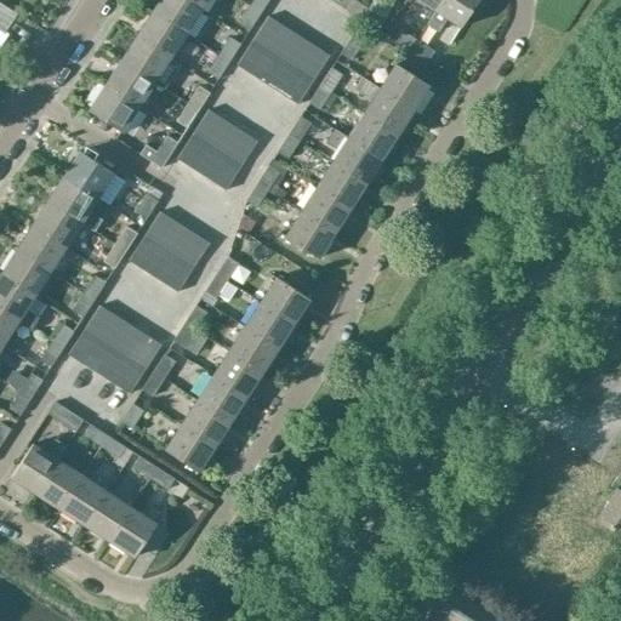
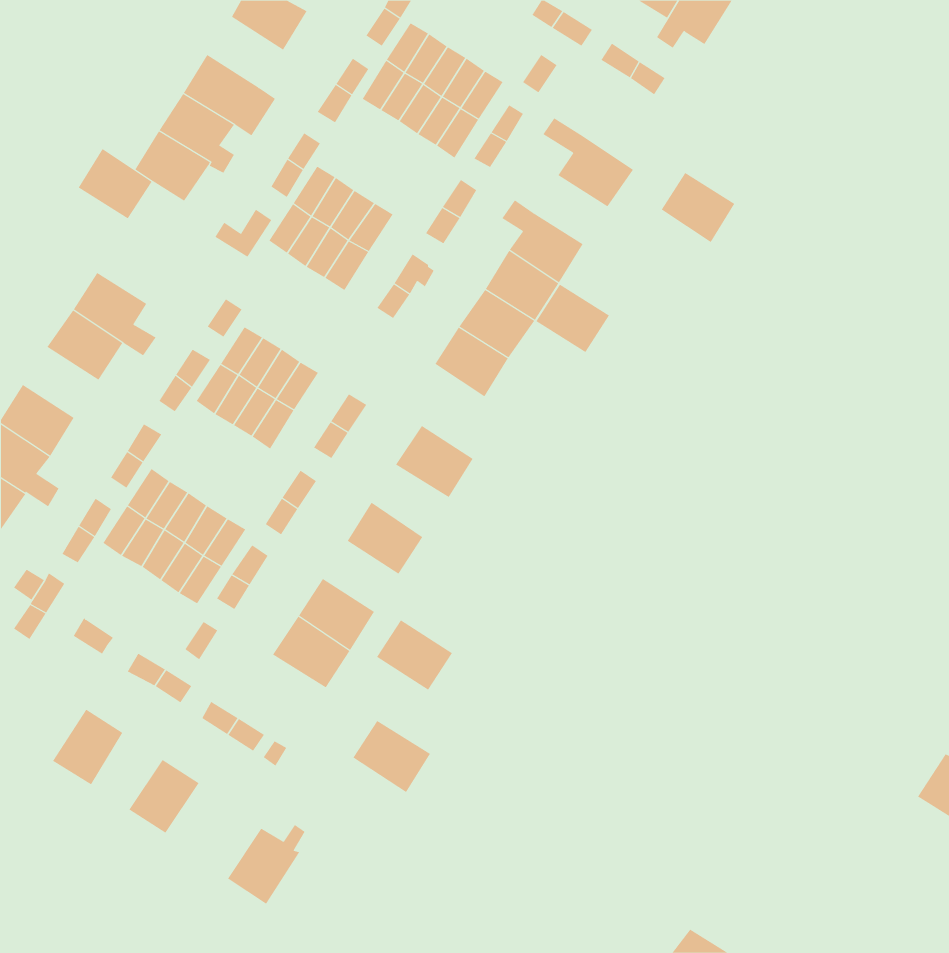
building: [137,11,187,57] -> none
building: [382,64,431,110] -> [661,172,735,243]
building: [349,114,398,159] -> [535,284,610,353]
building: [65,152,114,198] -> [78,148,152,219]
building: [17,226,67,272] -> none
building: [244,302,295,349] -> none
building: [212,352,262,398] -> [376,619,453,690]
building: [164,426,215,473] -> [353,720,431,793]
building: [12,438,67,495] -> none
building: [62,477,108,526] -> none
building: [110,507,161,559] -> [227,824,306,904]

